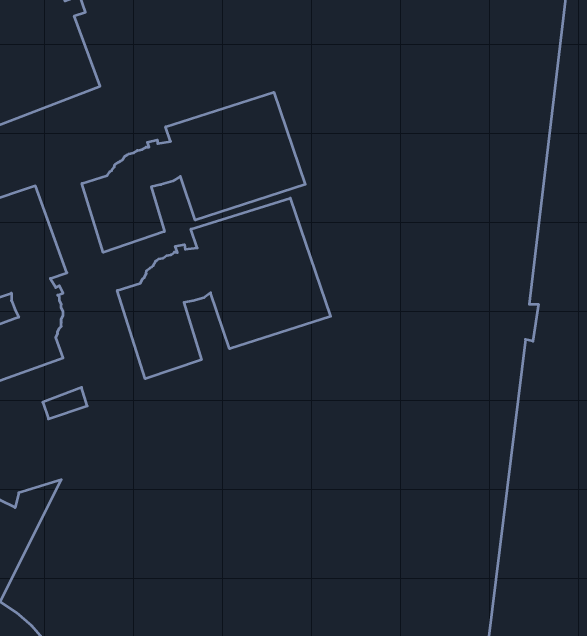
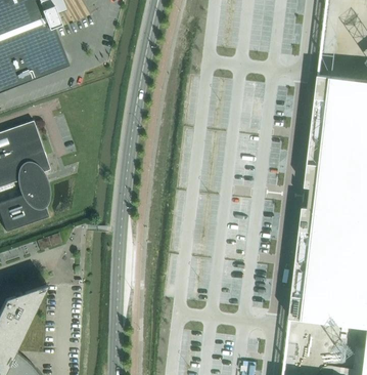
building: [82,92,305,252] -> none
building: [117,198,331,379] -> none

